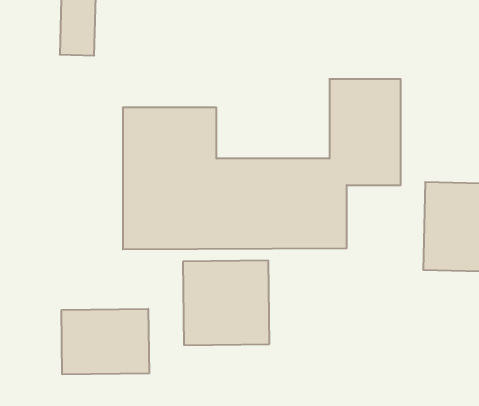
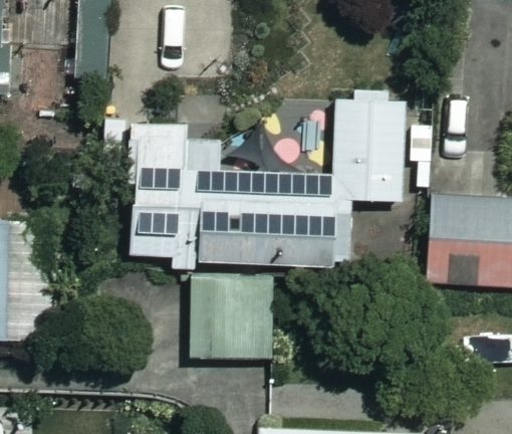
building: [62,309,149,374] -> none

